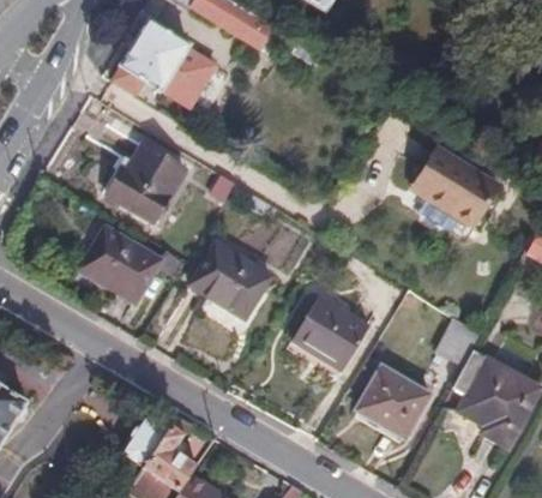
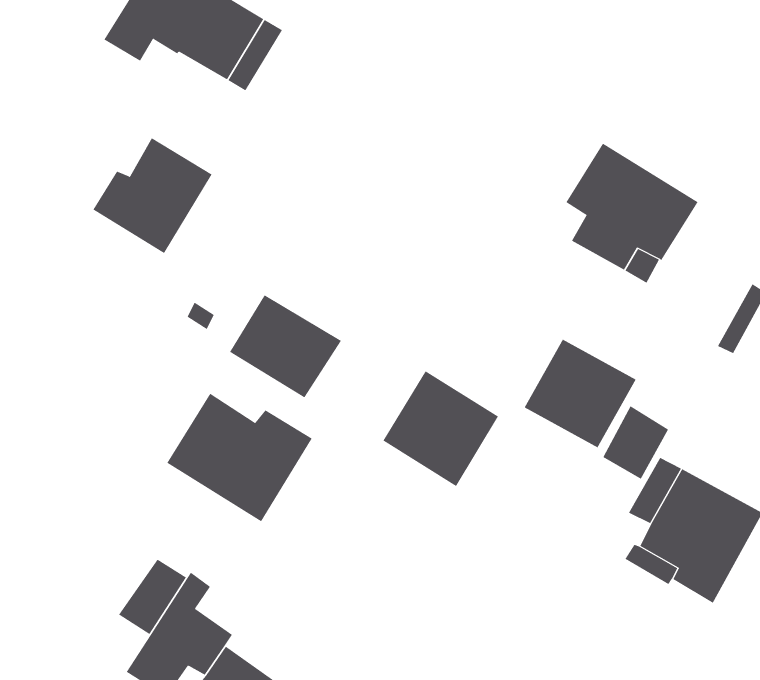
building: [84,229,157,298] -> none
building: none -> [166,393,313,522]
building: [357,365,430,436] -> [524,339,637,448]

